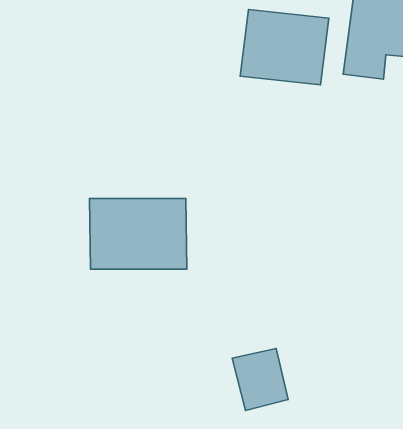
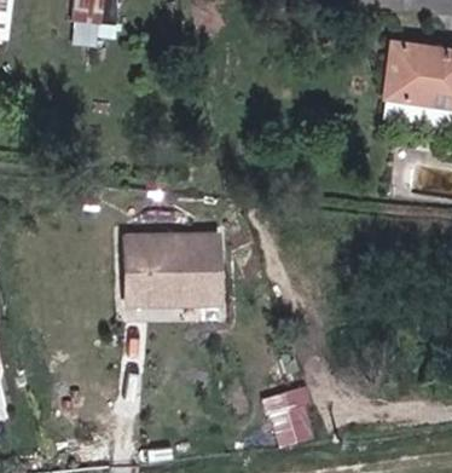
building: [240,9,329,85] -> none

